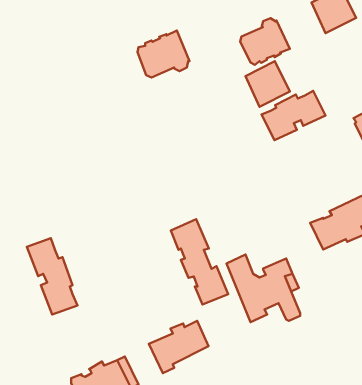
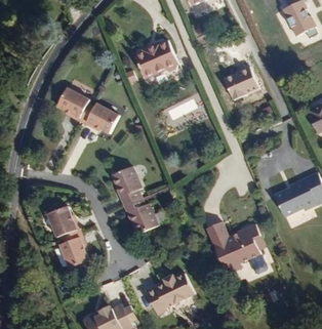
building: [240,18,290,65] -> none
building: none -> [55,87,116,133]
building: [261,91,326,140] -> none
building: [171,219,228,304] -> [113,165,159,234]

